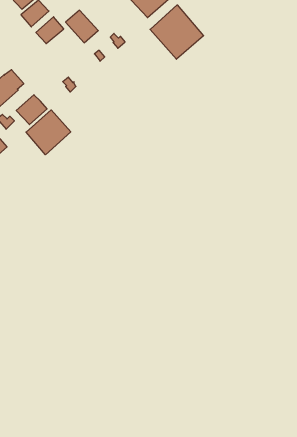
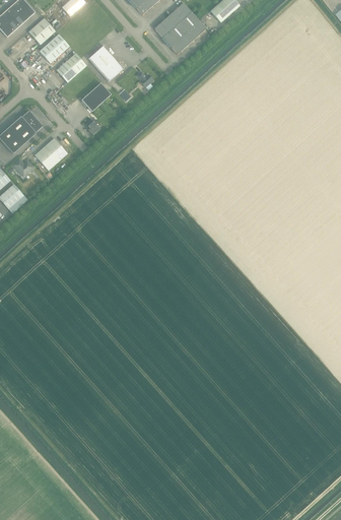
building: [150,5,204,59] -> none
building: none -> [80,82,110,111]
building: [26,110,71,155] -> none

